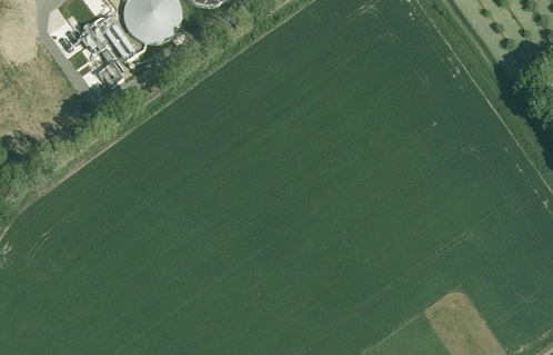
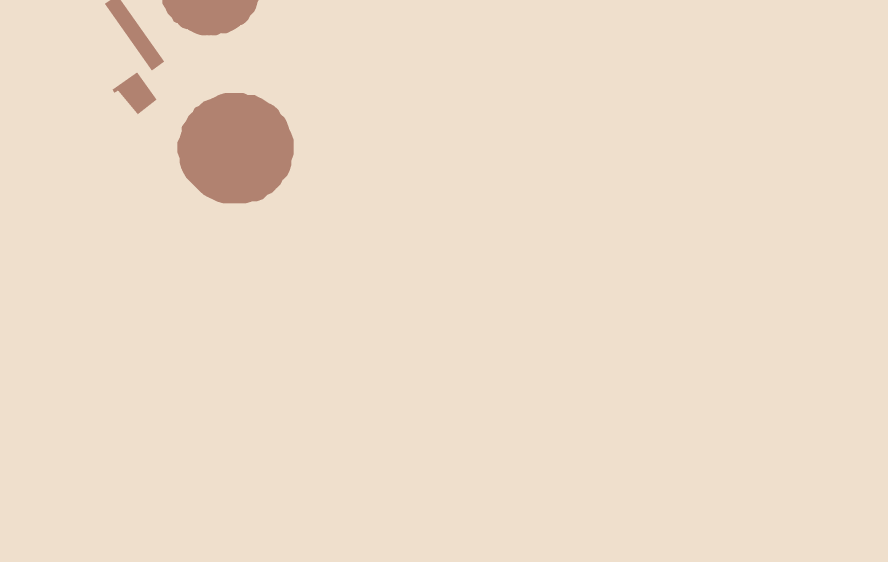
building: none -> [177,92,294,204]

